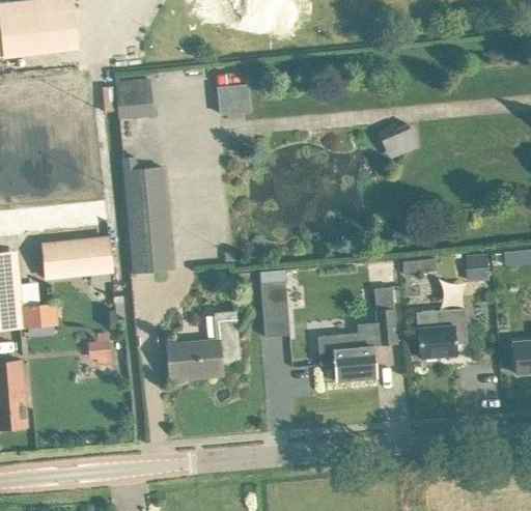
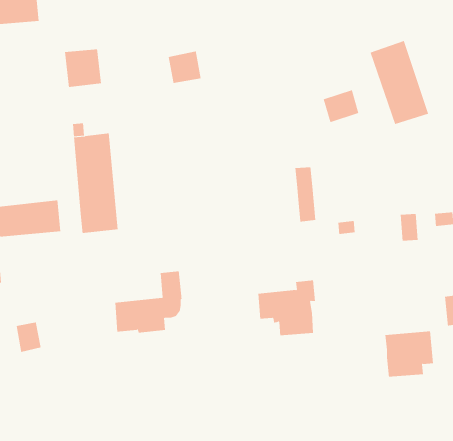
building: none -> [370,40,429,125]
building: [260,282,289,337] -> none
building: [373,287,396,345] -> [294,167,316,222]
building: [415,308,467,357] -> [384,331,434,377]
building: [89,332,116,364] -> [16,322,41,352]

